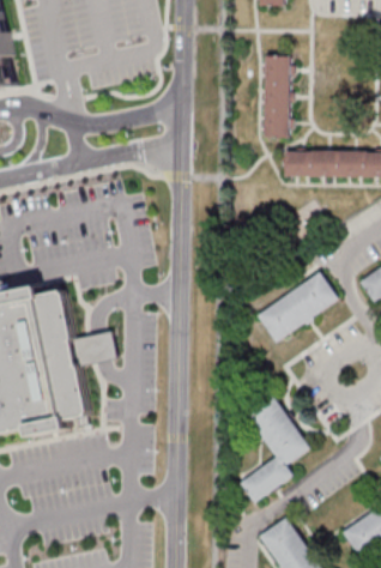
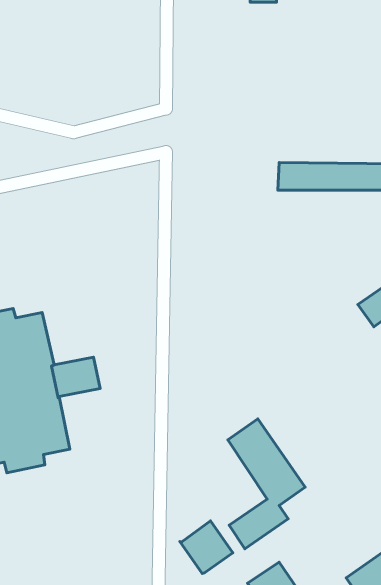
building: [264,56,289,138] -> none
building: [255,272,335,343] -> none
building: none -> [180,521,233,573]

